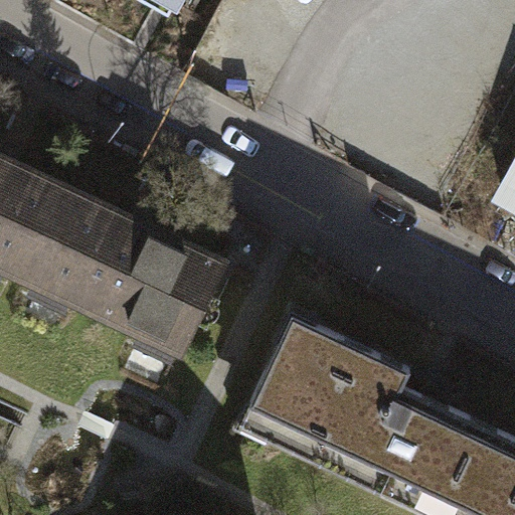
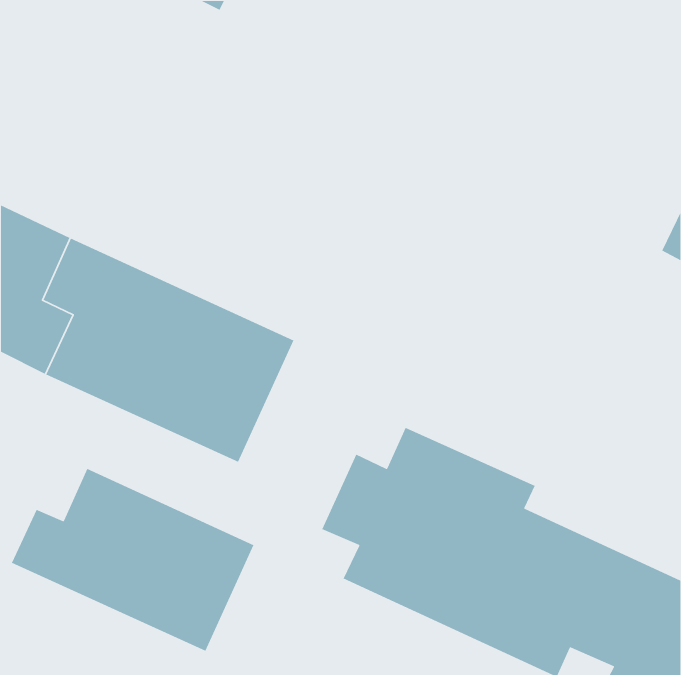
building: none -> [11,468,255,652]

